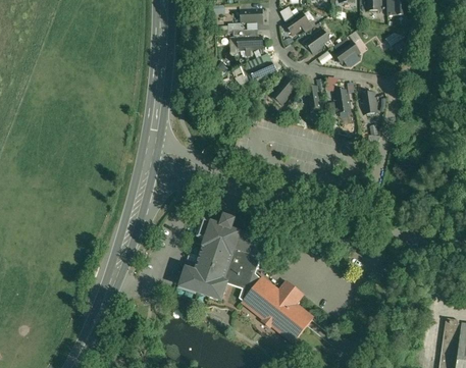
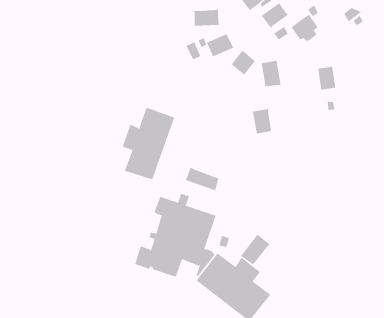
building: [332,88,352,113] -> [252,109,272,134]
building: none -> [122,107,175,180]
building: none -> [185,167,219,191]
building: none -> [240,234,271,265]

